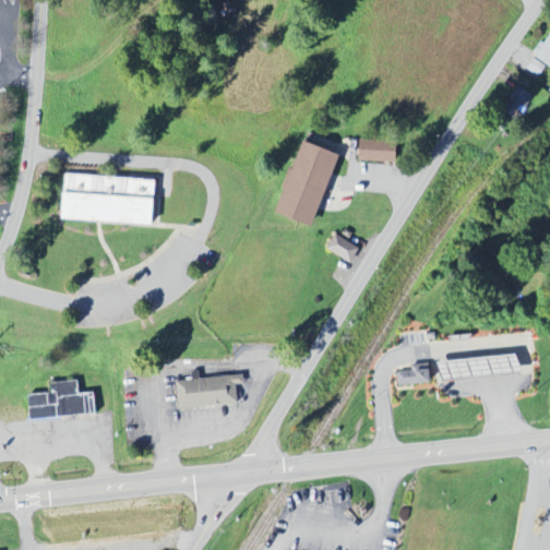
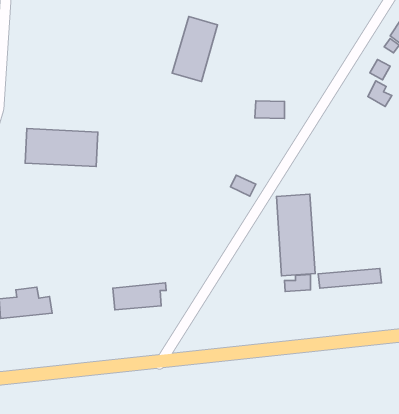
building: none -> [368,81,392,107]
building: [277,140,336,224] -> [172,17,218,81]
building: none -> [276,194,315,276]

